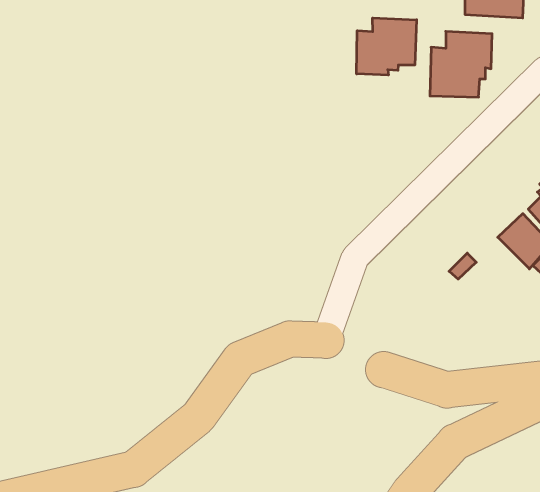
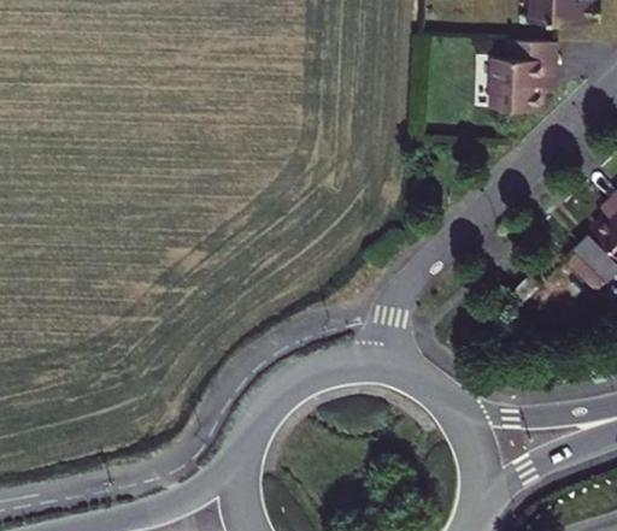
building: [357,18,417,75] -> none

